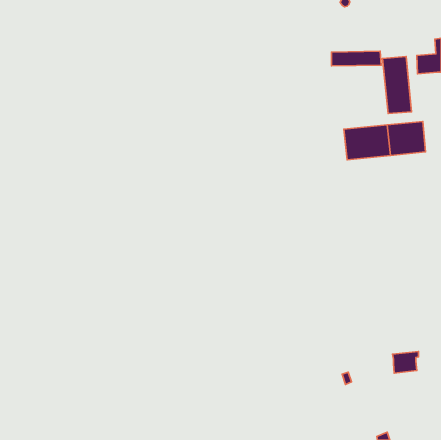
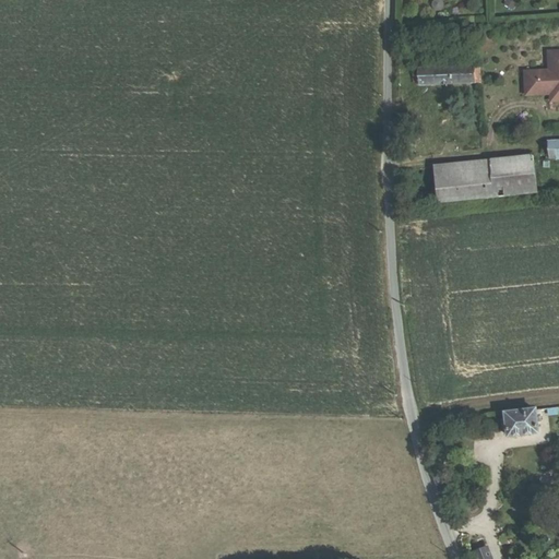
building: [383,57,412,114] -> none
building: [392,351,419,373] -> [506,405,538,432]

